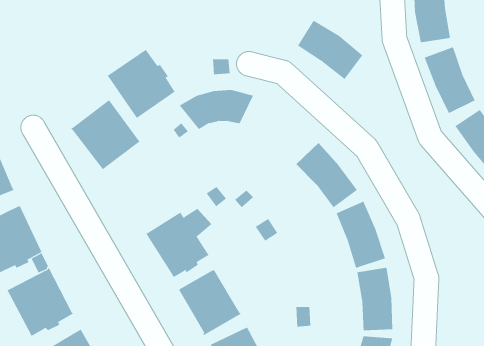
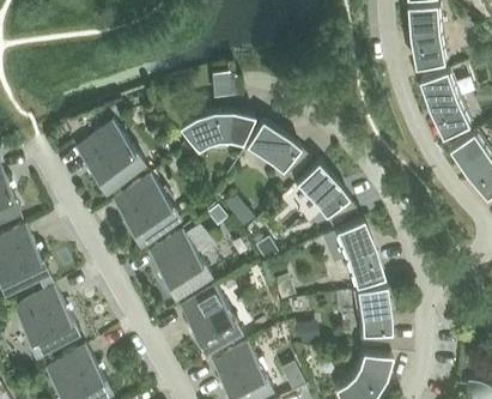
building: [297,20,363,80] -> [245,123,310,182]
building: [106,48,176,119] -> [111,175,180,244]

